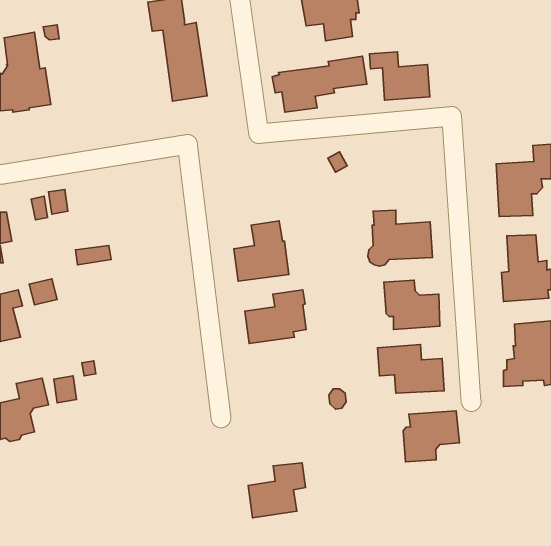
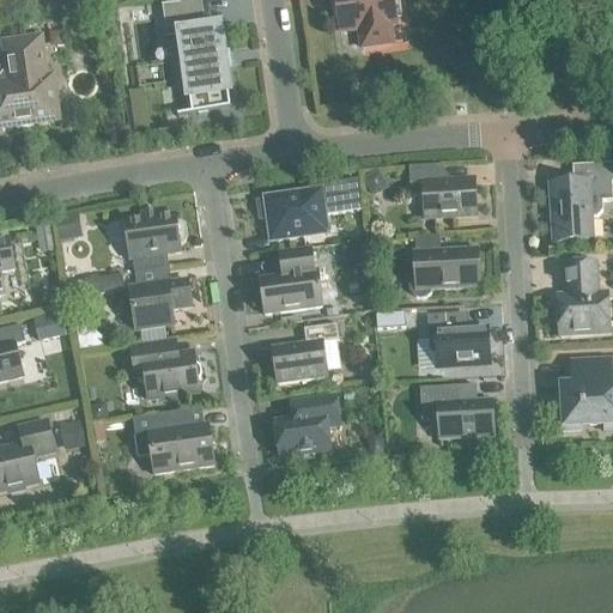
building: [369,52,430,100] -> [408,163,475,217]
building: [272,56,367,112] -> [256,177,362,239]
building: none -> [125,212,186,271]
building: none -> [129,278,190,328]
building: none -> [129,338,200,399]
building: none -> [132,409,213,473]
building: [403,411,460,462] -> none
building: [248,463,305,518] -> [275,395,339,456]

